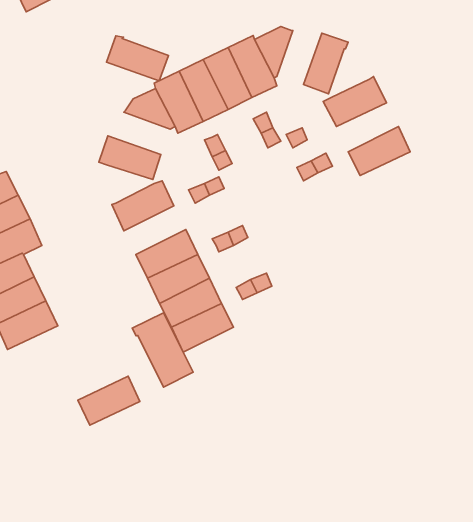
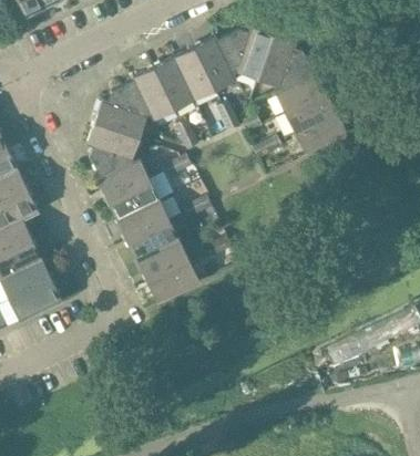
building: none -> [236,27,274,77]
building: [106,36,169,81] -> [94,99,146,136]
building: none -> [279,48,314,89]
building: none -> [286,93,338,134]
building: none -> [90,145,133,177]
building: none -> [107,179,160,220]
building: [132,313,193,387] -> none
building: [78,376,140,425] -> [10,280,62,321]

